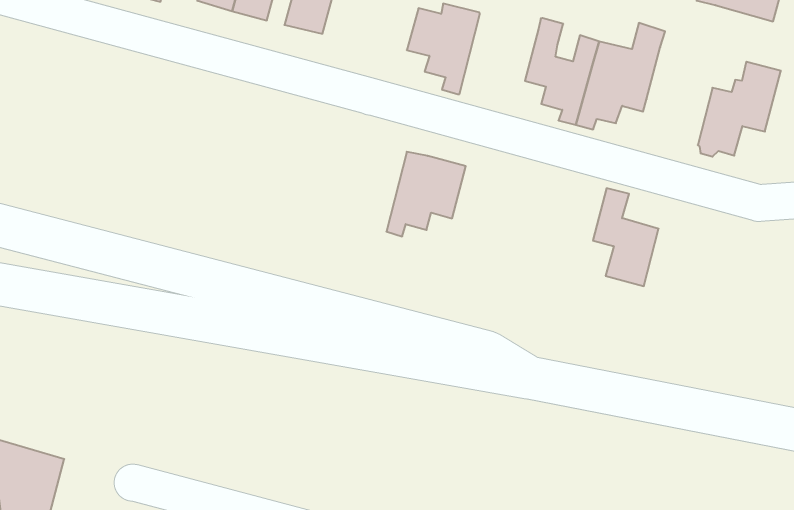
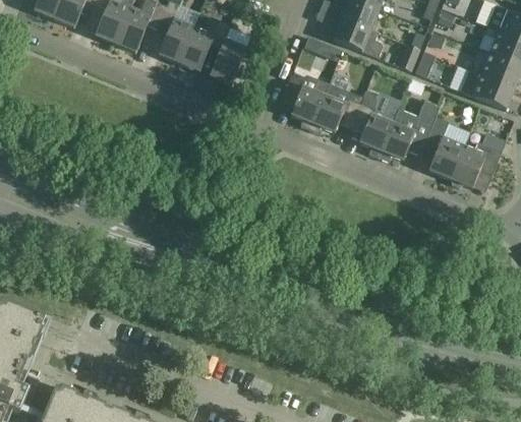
building: [386,152,466,236] -> [310,82,363,133]
building: [593,188,659,286] -> [423,116,464,178]

